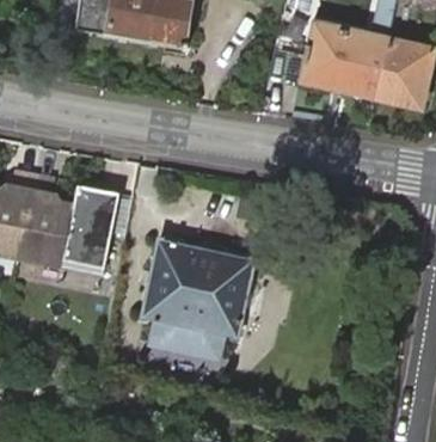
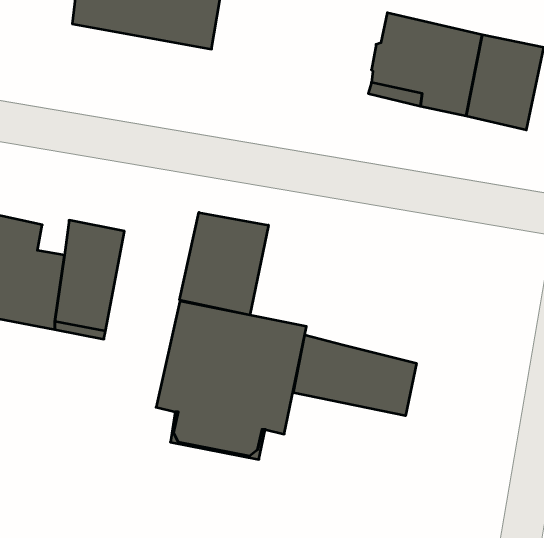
building: none -> [180,212,268,315]
building: none -> [293,335,416,416]

